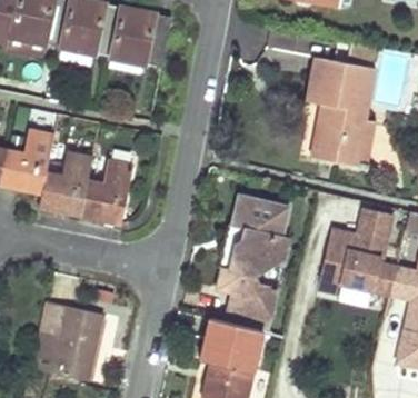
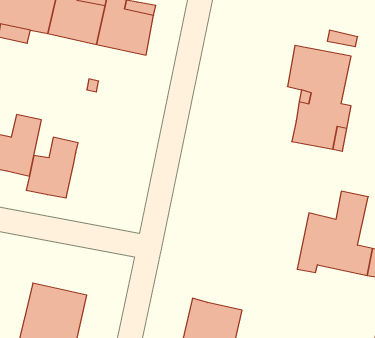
building: [80,160,133,222] -> none
building: [218,197,289,330] -> none

